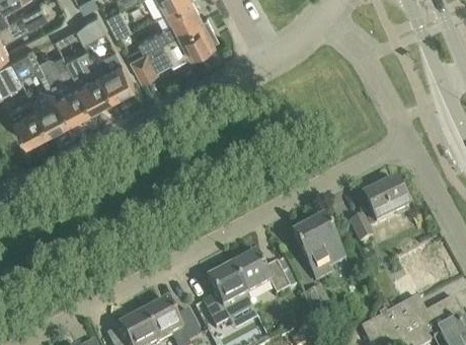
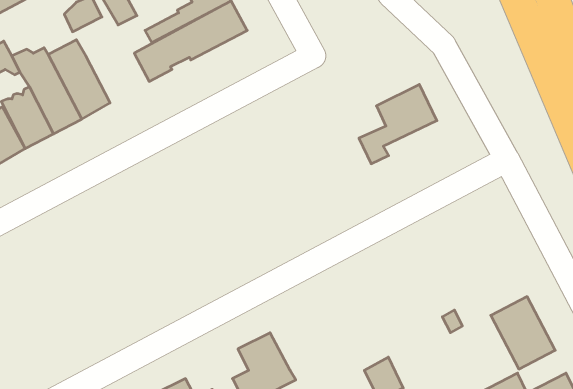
building: [91,51,133,97] -> none
building: [348,185,407,245] -> [359,84,437,164]
building: [291,222,341,282] -> none
building: [230,258,295,299] -> none

